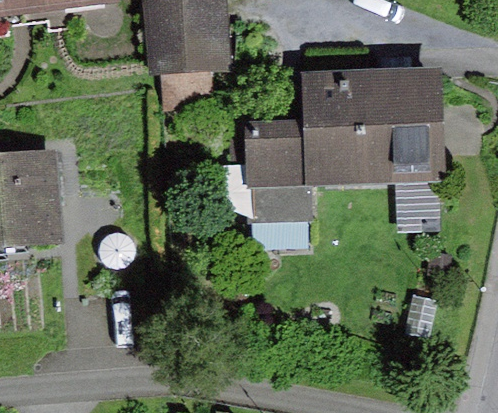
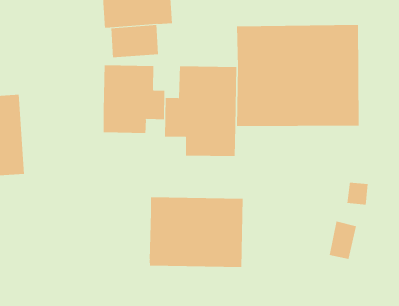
building: none -> [103,65,165,134]
building: none -> [149,196,243,268]

